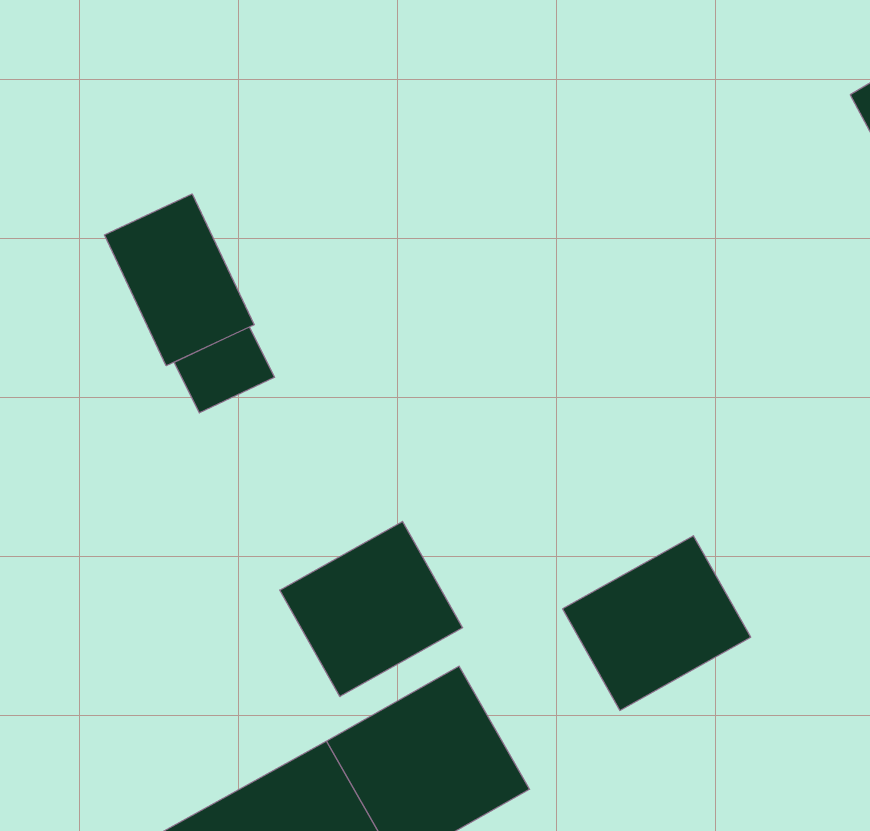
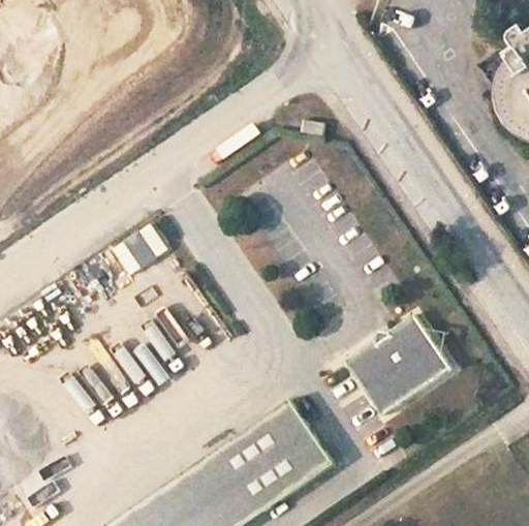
building: [104,194,254,366] -> none
building: [280,521,463,697] -> none

